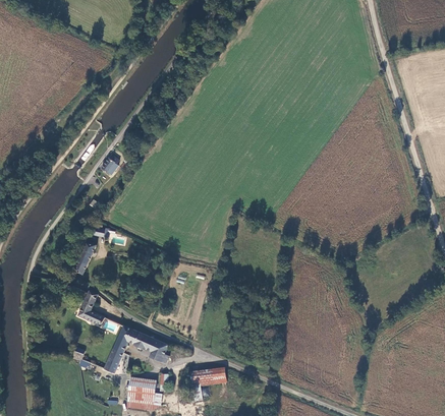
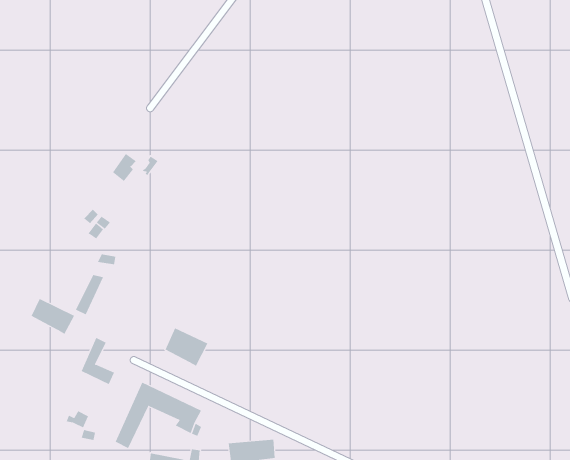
building: none -> [31,298,75,335]
building: none -> [165,327,208,367]

